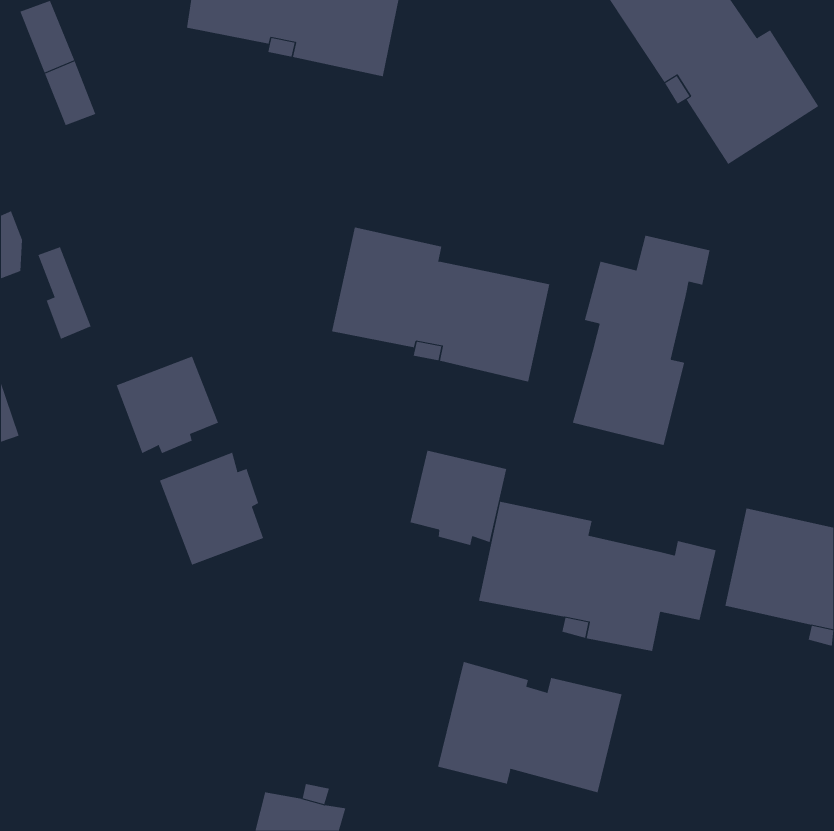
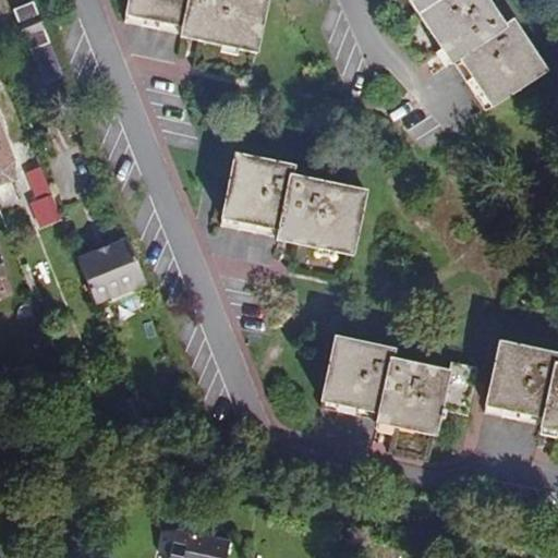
building: [572,235,710,446] -> none
building: [410,450,507,546] -> none
building: [159,452,264,565] -> none
building: [438,661,622,793] -> none

